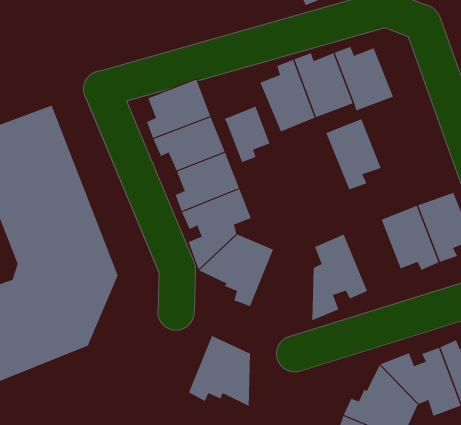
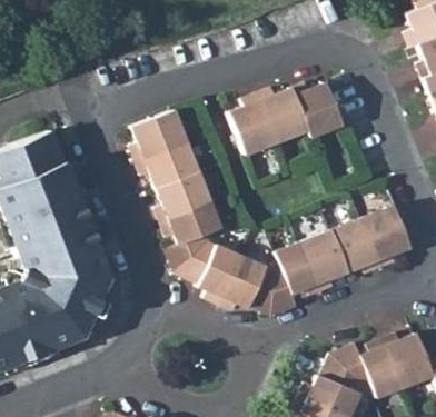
building: [224,106,270,163] -> none
building: [325,118,382,190] -> [301,229,349,290]
building: [188,335,251,407] -> [221,255,275,316]

